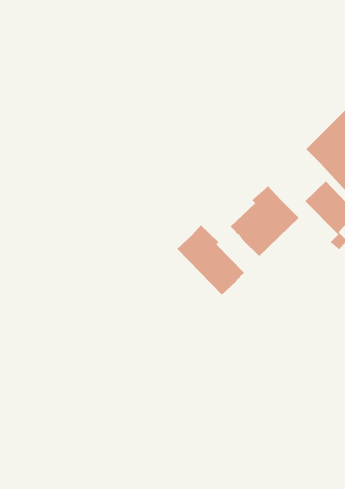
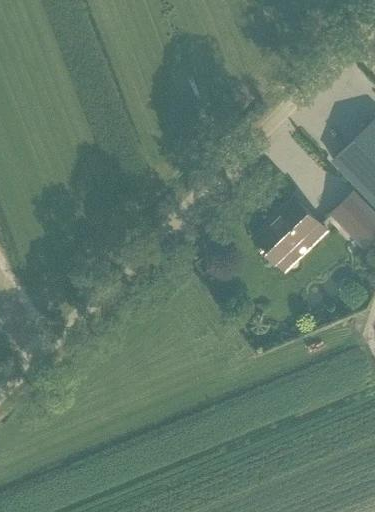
building: [176,225,245,296] -> none

